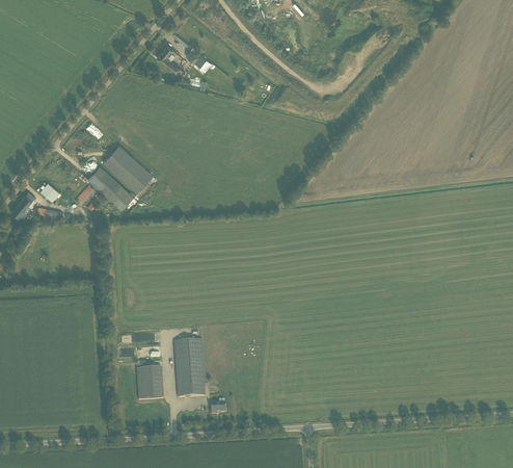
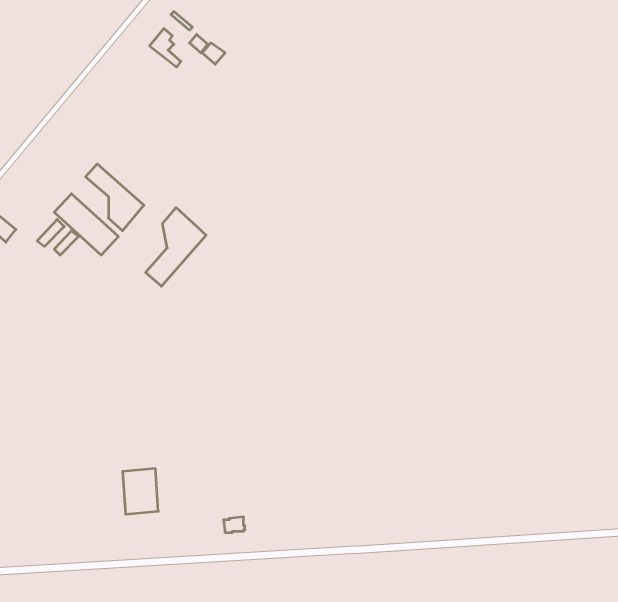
building: none -> [146,208,206,286]
building: [174,339,204,396] -> none

